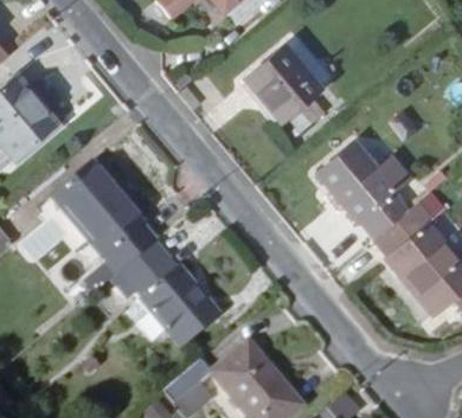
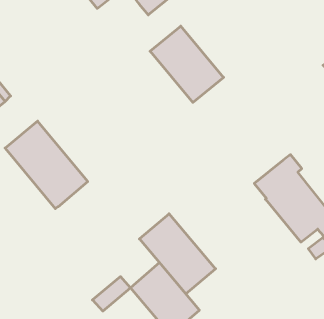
building: [316,142,408,239] -> none
building: [121,237,218,339] -> [139,214,216,294]

